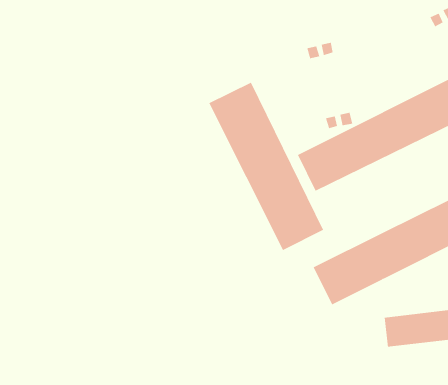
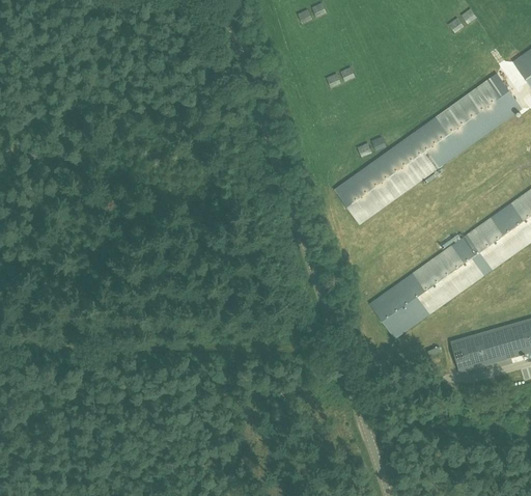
building: [208,82,324,251] -> none

